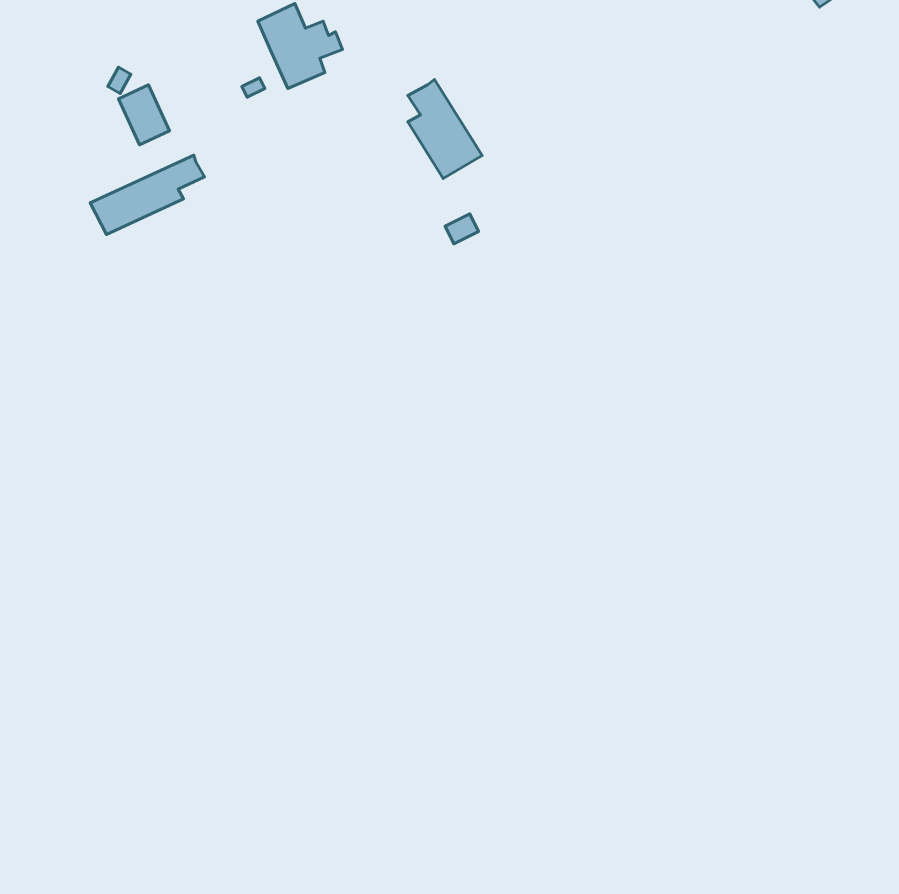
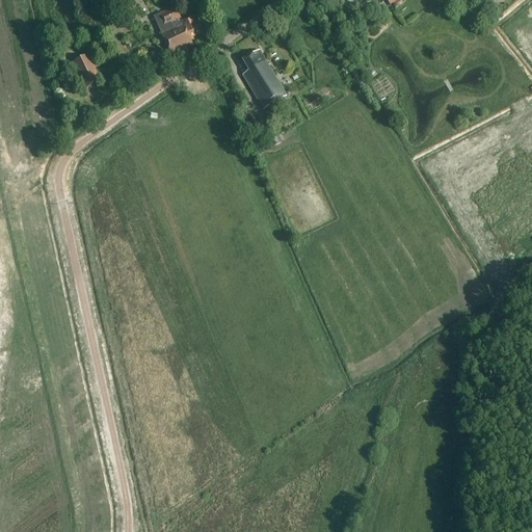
building: [90,155,205,234] -> none

